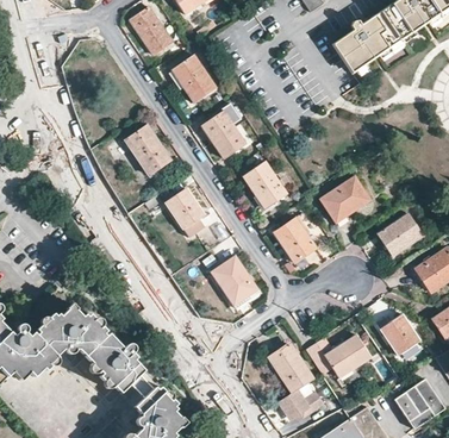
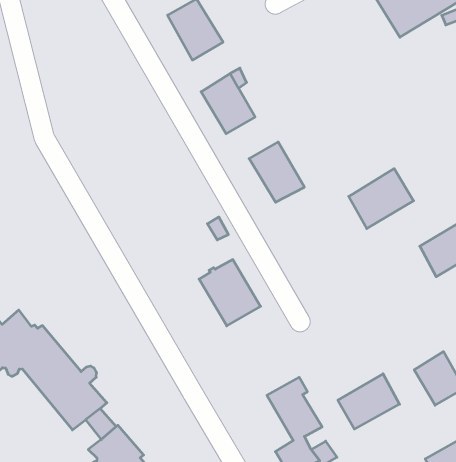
building: [125,124,172,175] -> none
building: [166,188,210,242] -> none
building: [273,215,317,262] -> none

